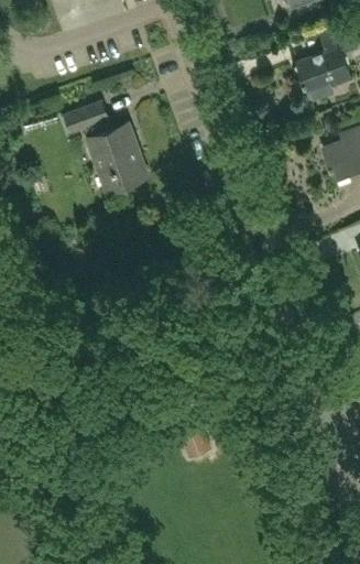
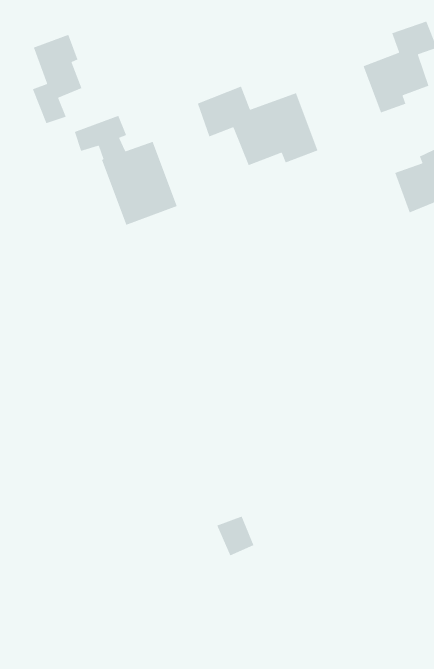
building: none -> [32,34,83,124]
building: none -> [197,85,318,166]

